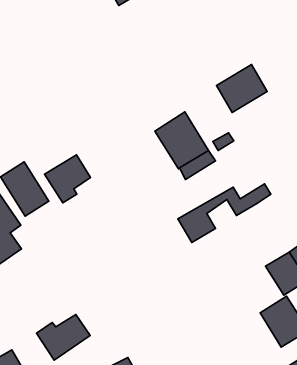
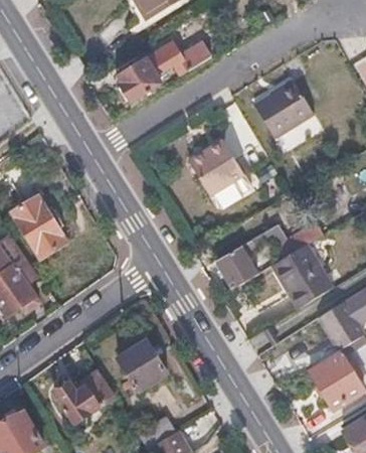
building: none -> [117,40,210,101]
building: [45,155,91,203] -> none
building: none -> [270,243,333,307]
building: none -> [117,339,166,390]

